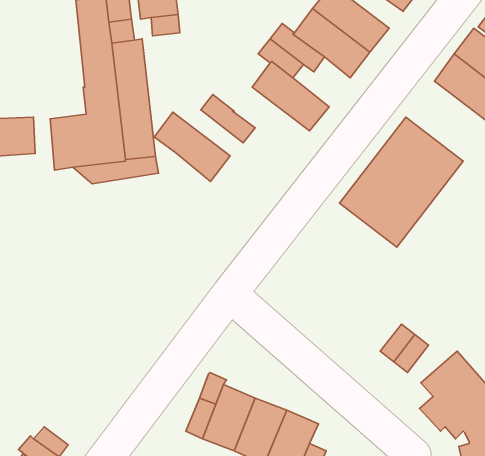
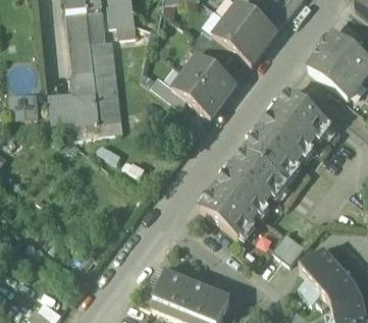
building: [153,112,230,181] -> [172,70,224,117]
building: none -> [201,149,283,236]

